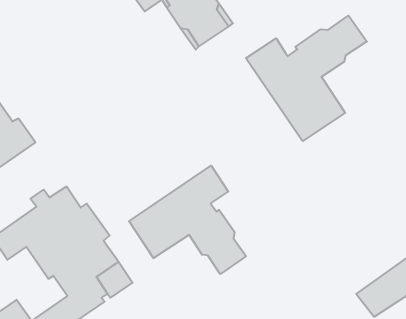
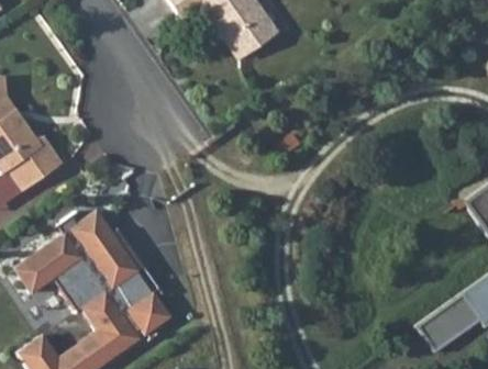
building: [246,16,367,141] -> none
building: [129,166,246,274] -> none

